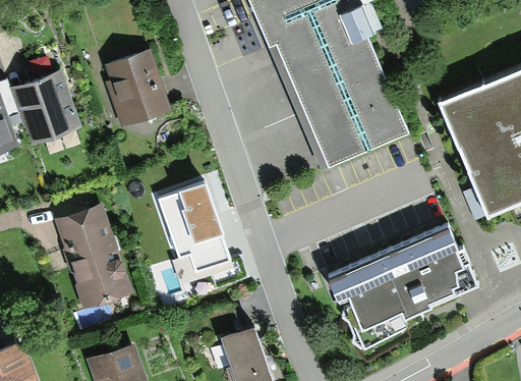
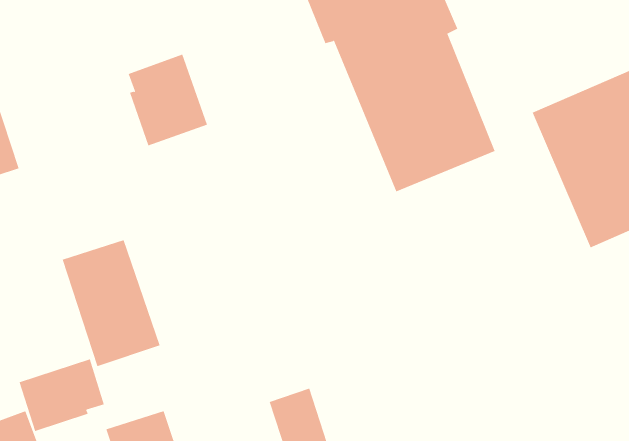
building: [8,69,78,143] -> none
building: [158,183,249,286] -> none
building: [329,221,475,345] -> none
building: none -> [19,359,105,432]

